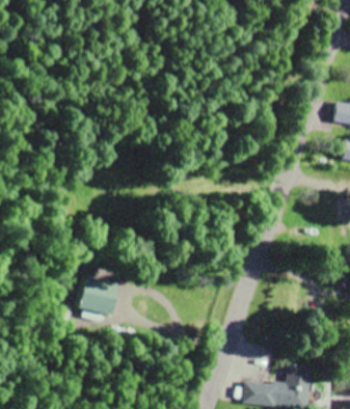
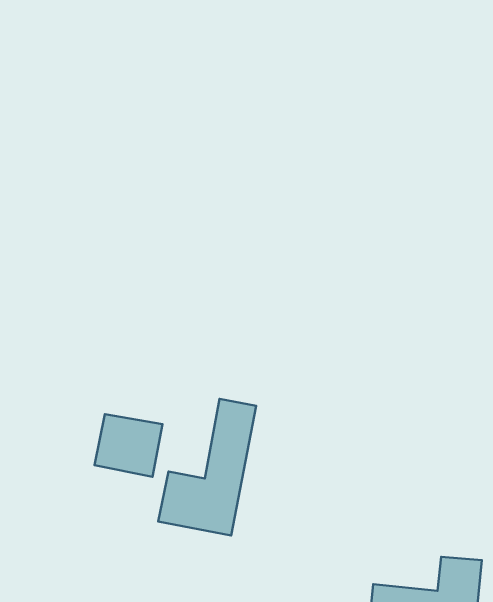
building: none -> [158,399,256,535]

